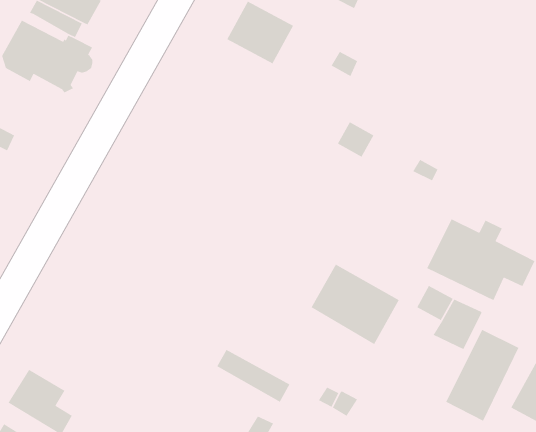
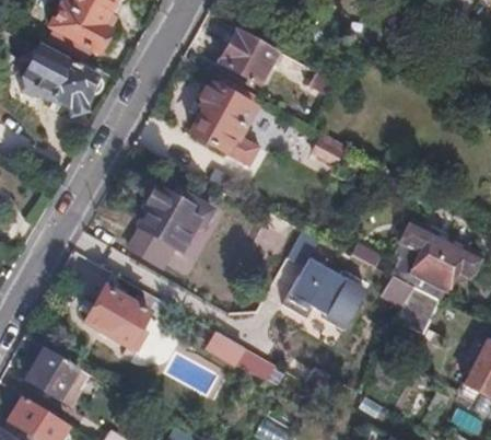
building: none -> [191,84,260,166]
building: none -> [129,181,211,267]
building: none -> [85,273,156,350]
building: [445,329,520,422] -> none

